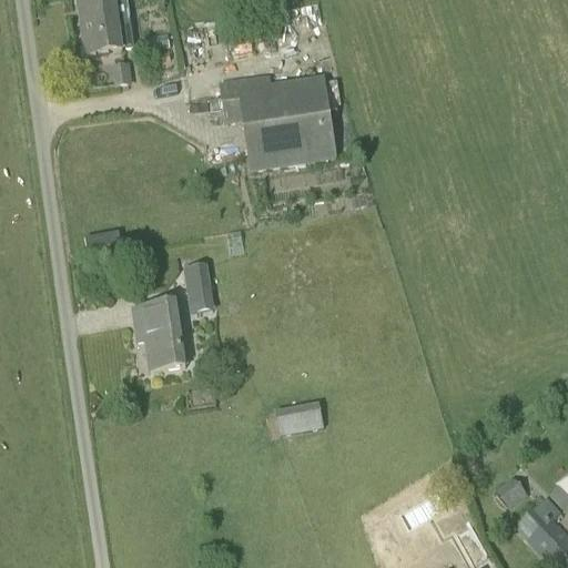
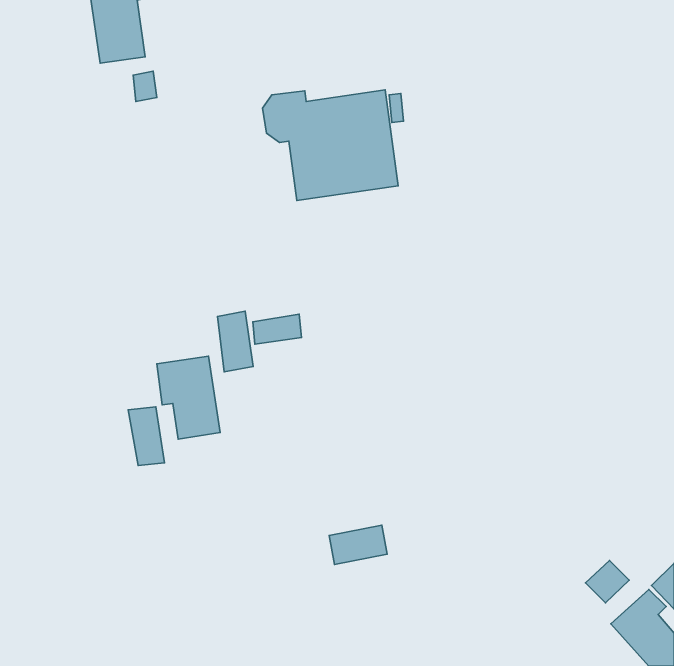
building: none -> [253,314,302,344]
building: none -> [128,407,165,466]
building: [274,400,323,434] -> [329,525,387,565]

